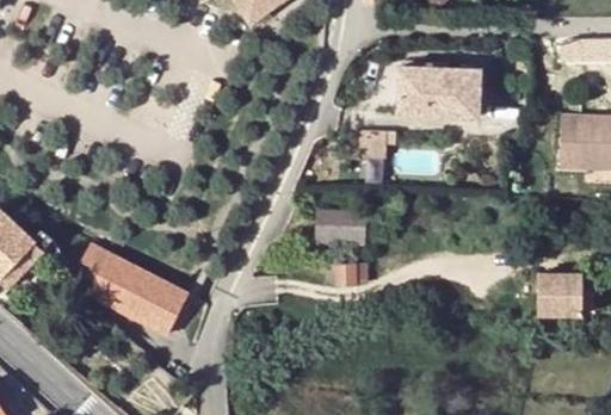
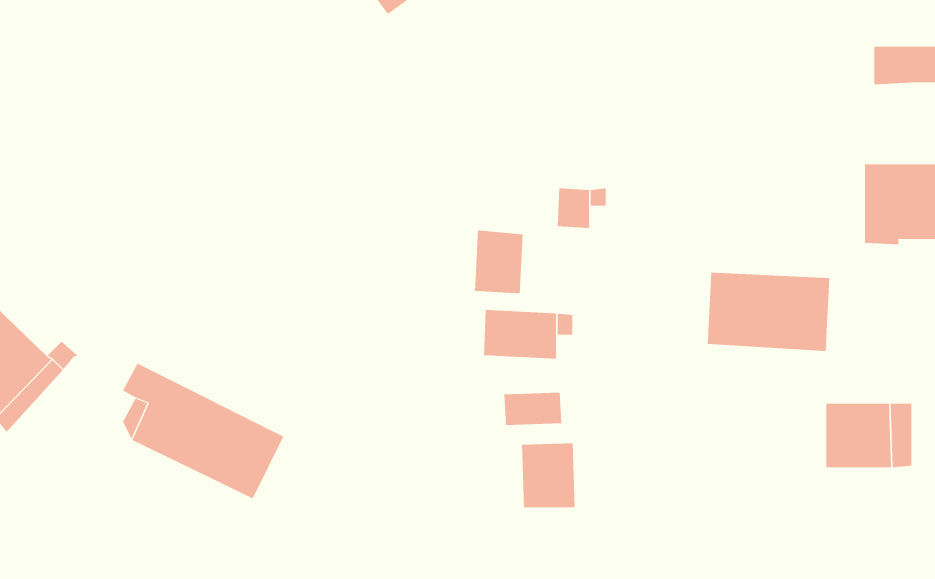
building: [400,67,480,118] -> [707,272,830,351]
building: none -> [475,230,523,294]
building: none -> [521,442,575,508]

